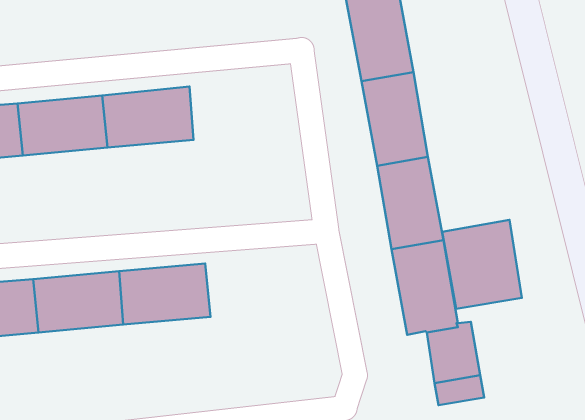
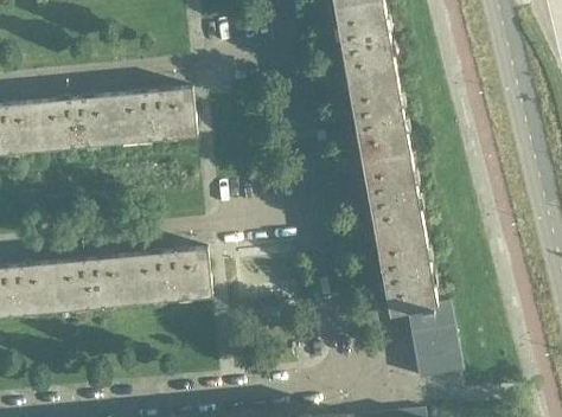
building: [442,220,522,309] -> none

